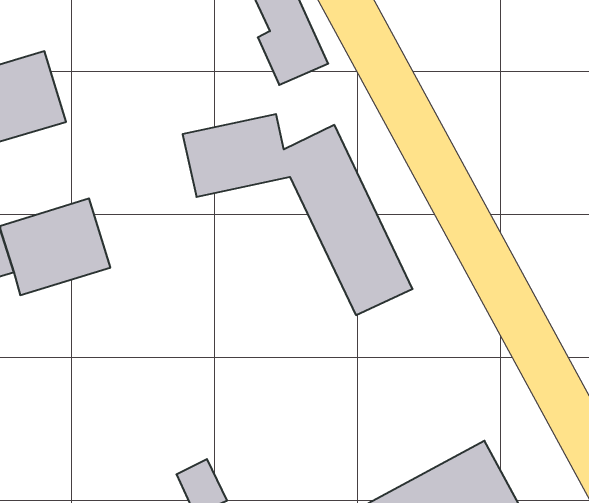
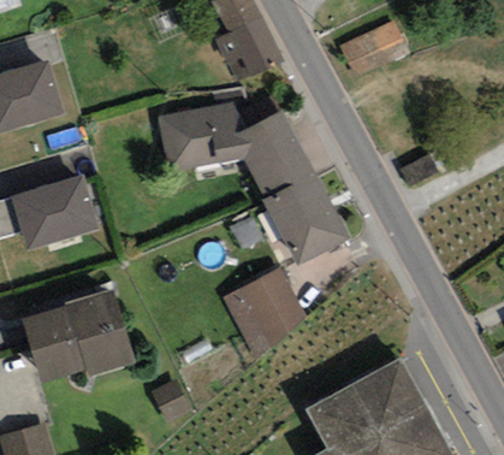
building: none -> [345,28,404,77]
building: none -> [238,270,300,345]
building: none -> [23,296,121,374]

